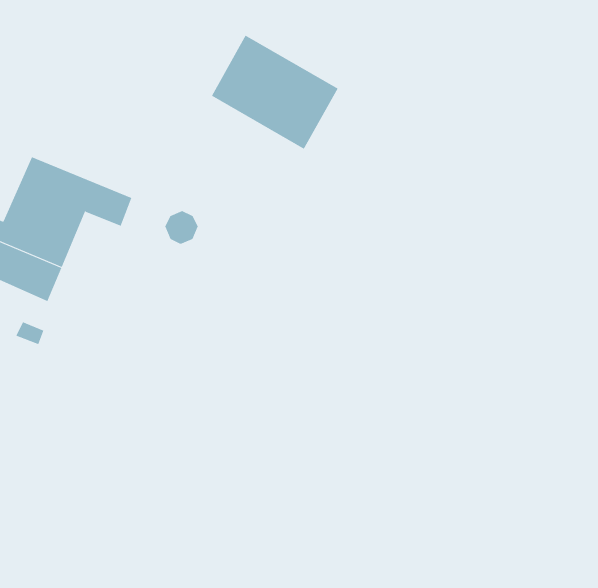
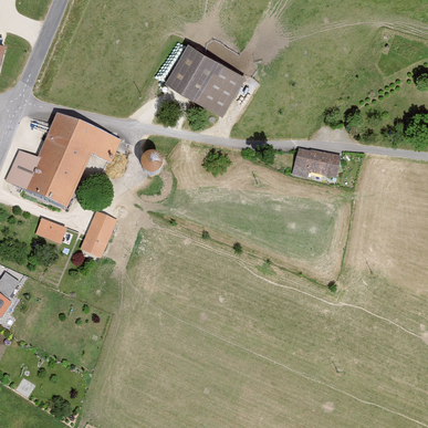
building: none -> [292,149,343,177]
building: none -> [80,211,116,259]

